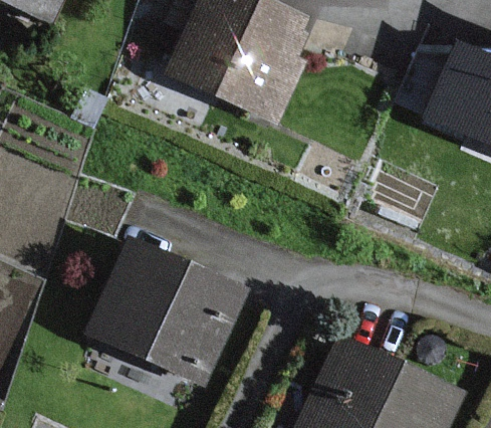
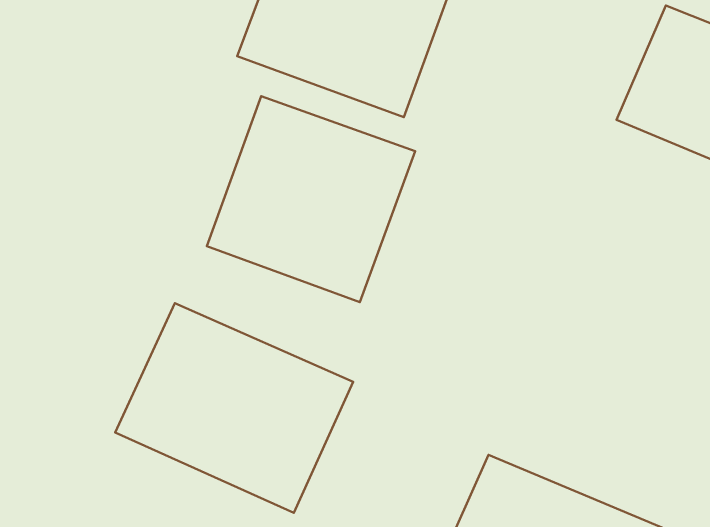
building: none -> [207,96,415,302]

